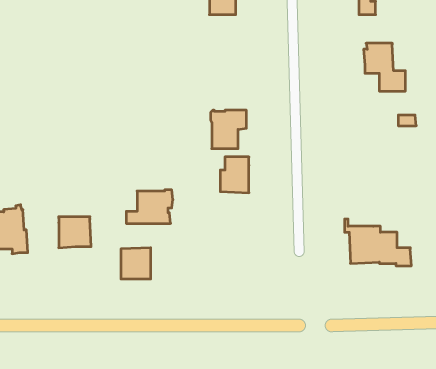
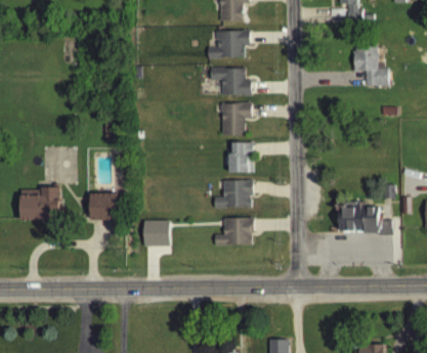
building: none -> [207,30,249,58]
building: none -> [210,68,251,95]
building: [126,190,173,223] -> [213,179,253,208]
building: none -> [214,218,253,246]

